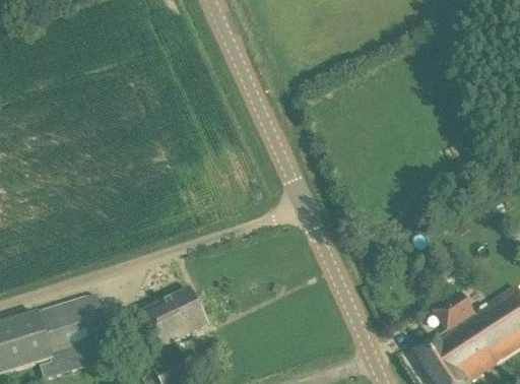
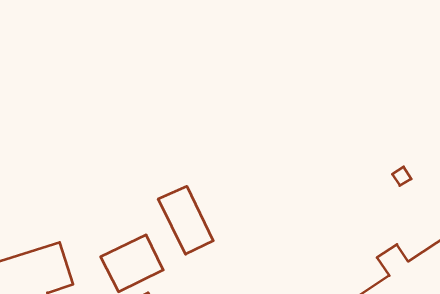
building: none -> [158,186,213,254]

